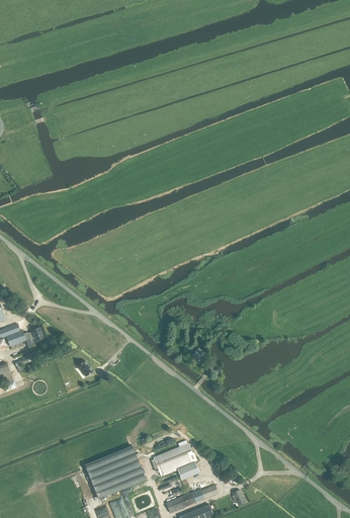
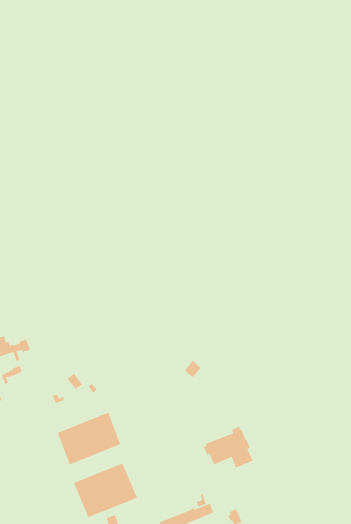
building: none -> [57,412,121,465]
building: [150,439,198,480] -> [203,426,254,468]

